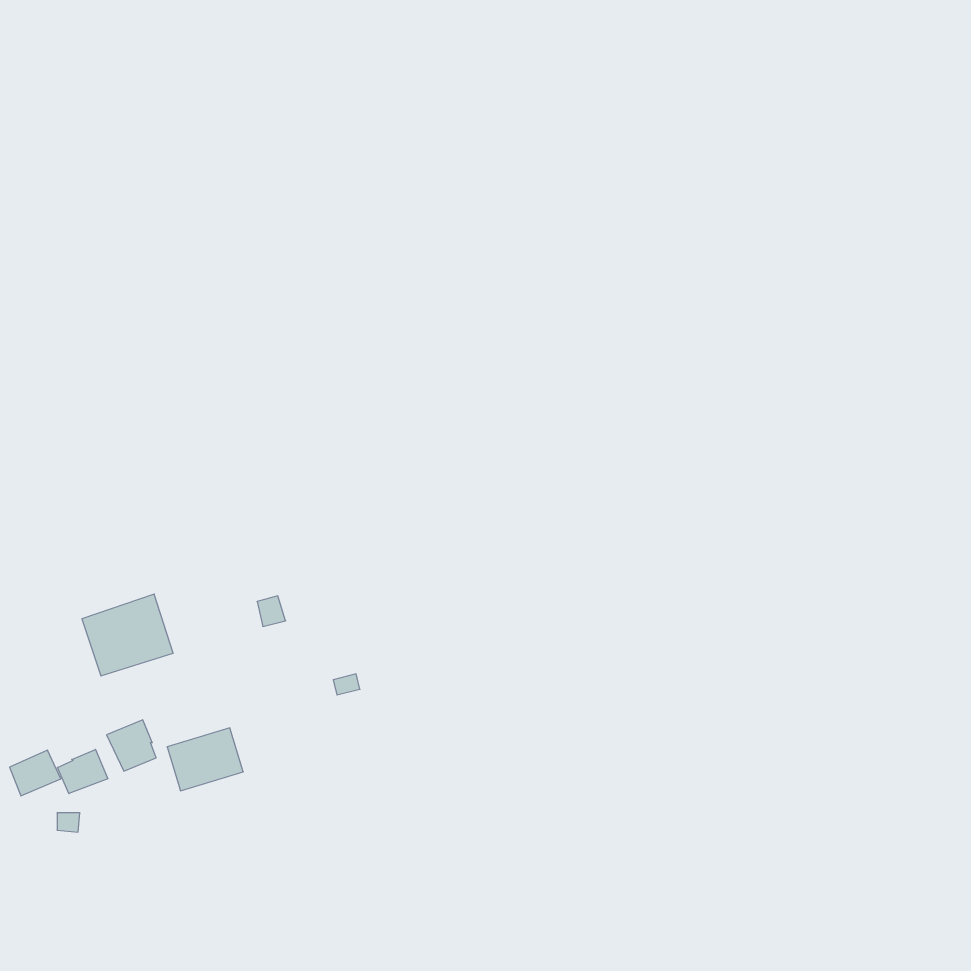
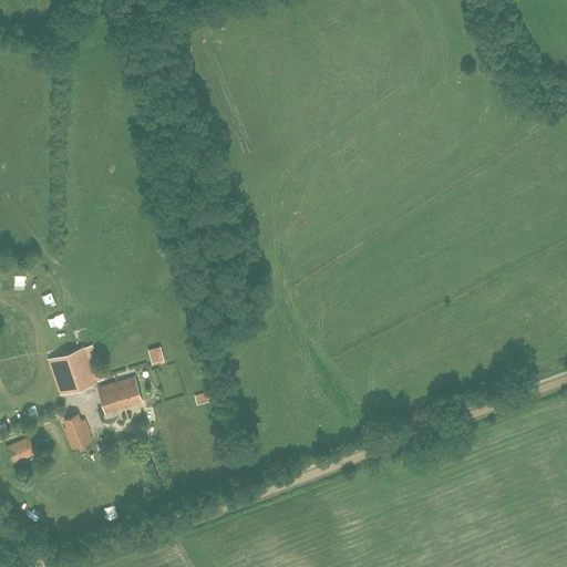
building: [167,728,243,791] -> [96,378,141,414]
building: [58,749,108,794] -> none

